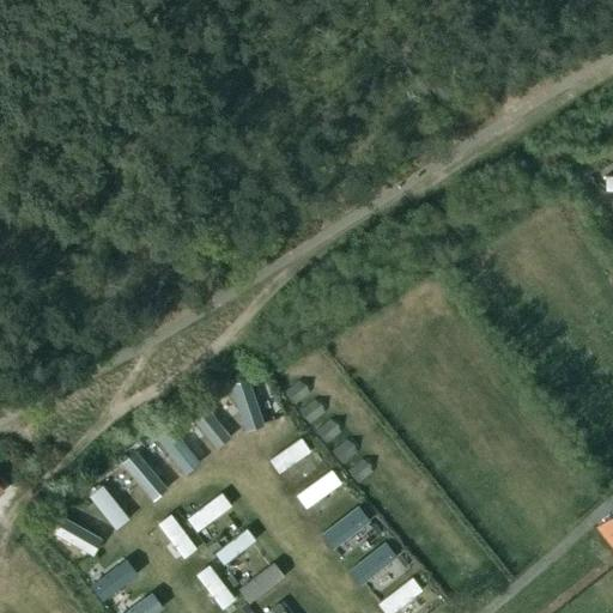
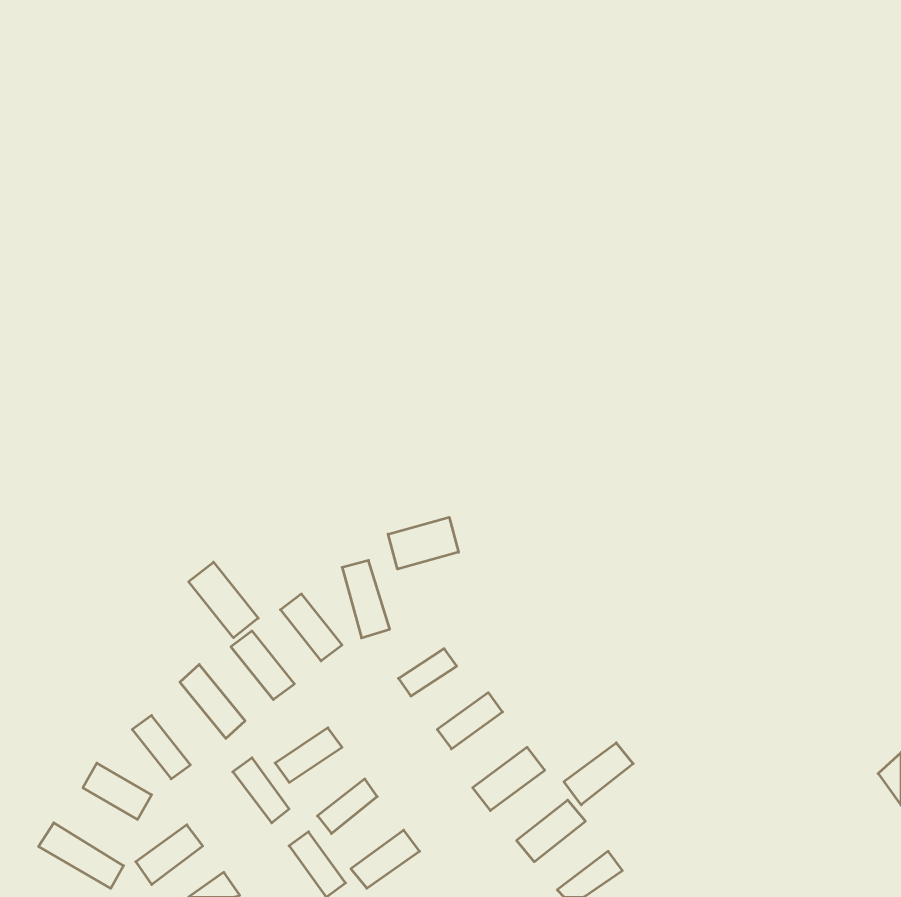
building: none -> [388,517,459,569]
building: none -> [189,562,258,638]
building: none -> [564,743,633,805]
building: none -> [39,823,124,888]

